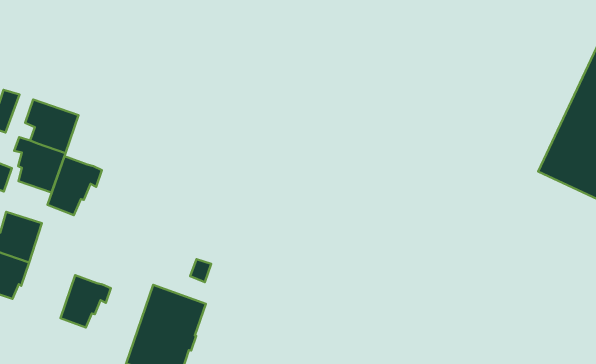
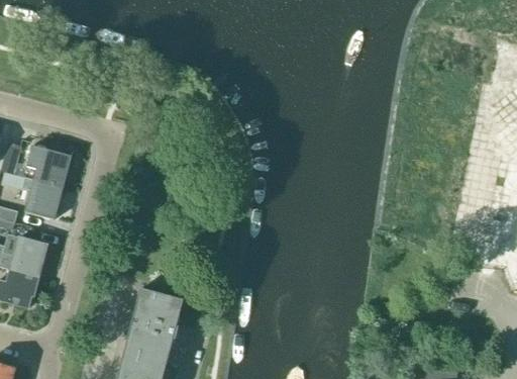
building: [47,156,102,215] -> none
building: [61,275,111,327] -> none

